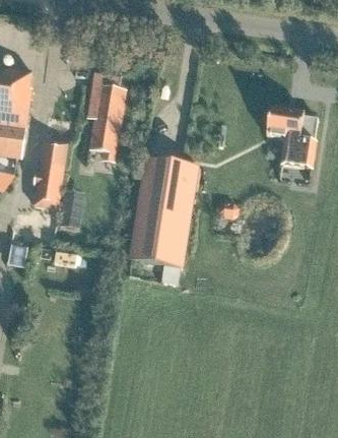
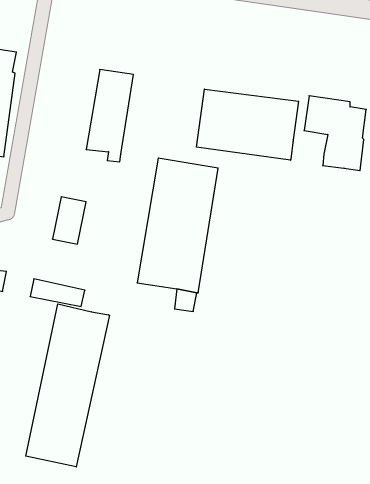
building: none -> [197,89,299,160]
building: [35,139,69,208] -> none
building: none -> [26,304,109,467]

